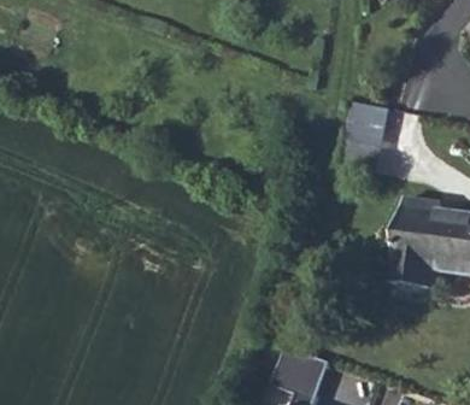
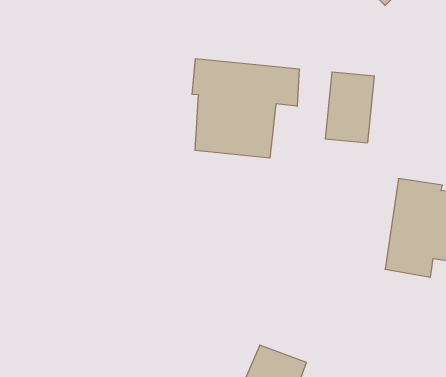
building: none -> [192,59,299,158]

